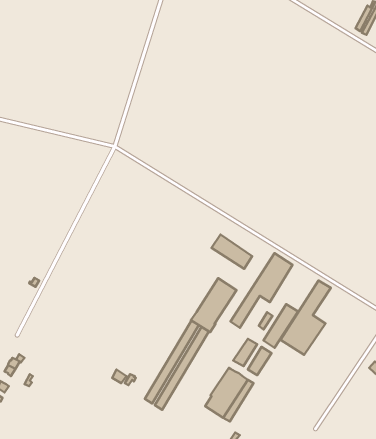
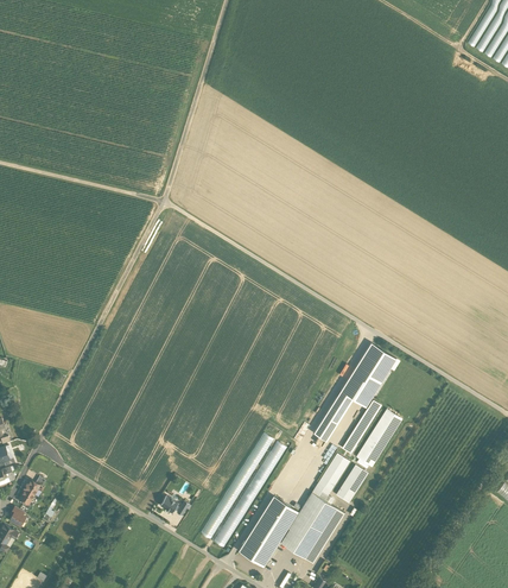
building: [212,235,252,269] -> none
building: [191,278,236,332] -> [237,495,297,565]
building: [281,281,331,355] -> none

